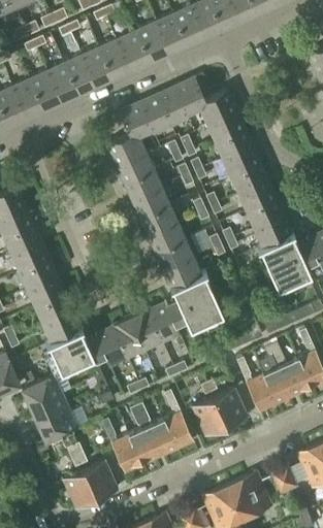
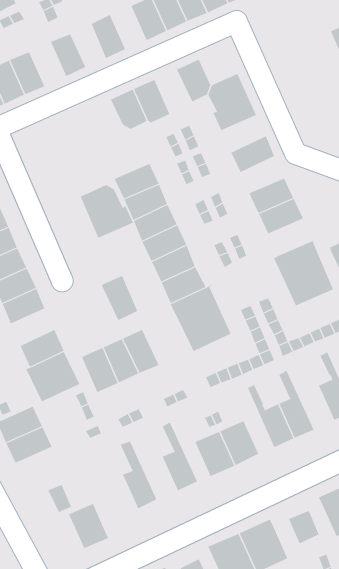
building: [119,31,150,68] -> none
building: [85,46,115,84] -> none
building: [50,62,80,100] -> none
building: [157,86,189,124] -> none
building: [214,125,253,157] -> none
building: [106,133,153,179] -> [80,184,134,238]
building: [230,160,268,192] -> none
building: [254,213,293,245] -> none
building: [33,291,71,323] -> none
building: [147,300,179,339] -> [101,275,138,321]
building: [270,341,311,395] -> none
building: [136,402,176,455] -> none
building: [37,409,76,441] -> none
building: [102,418,142,471] -> none
building: [61,467,96,507] -> none

